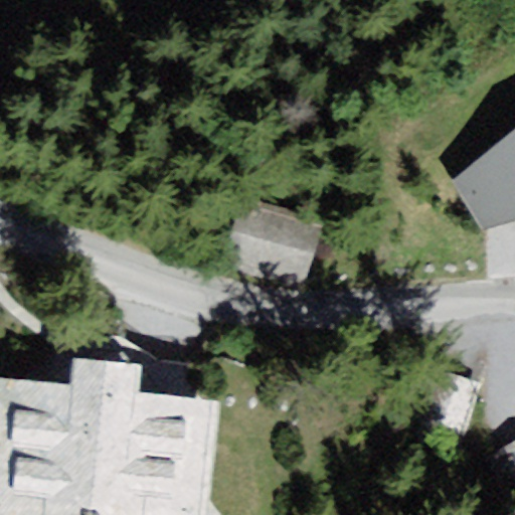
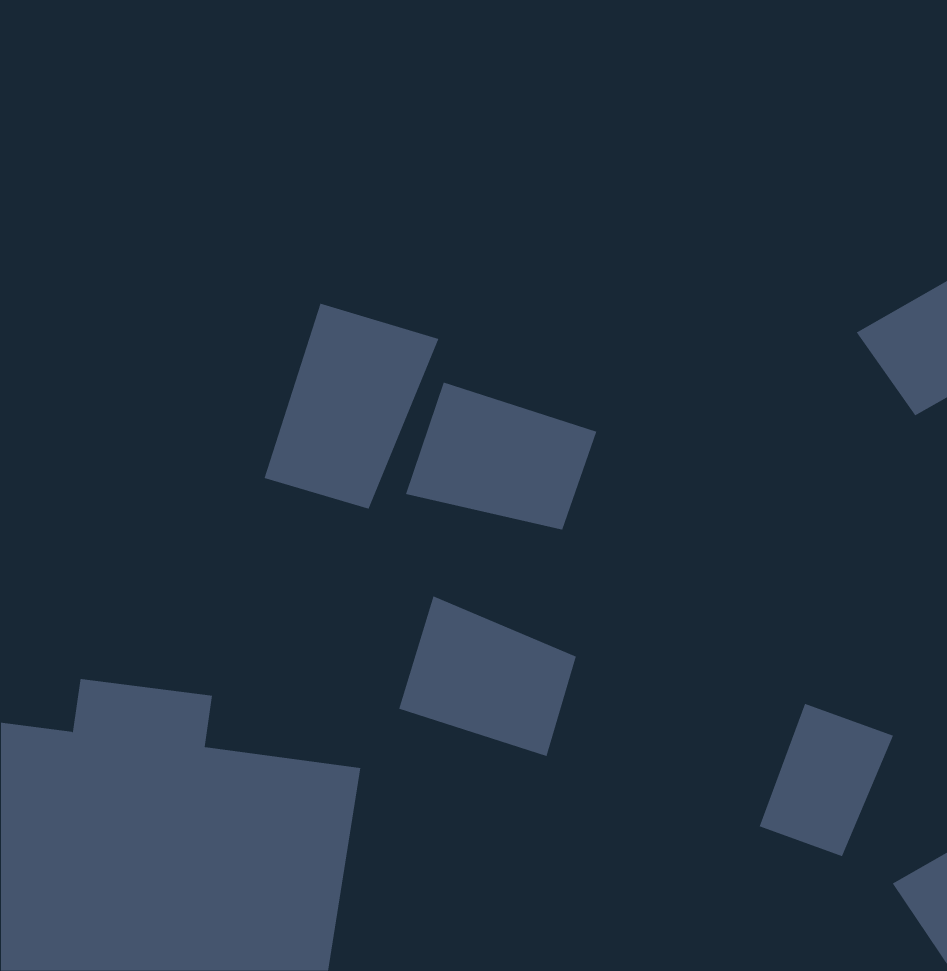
building: none -> [264,303,439,509]
building: none -> [399,596,577,757]

